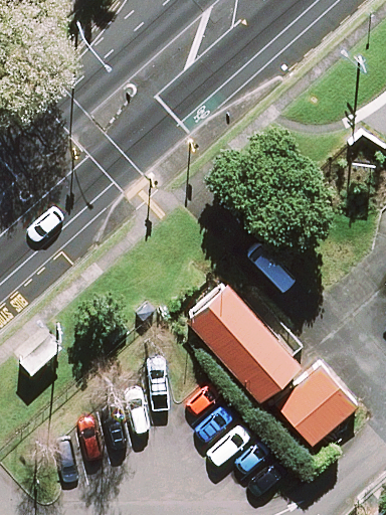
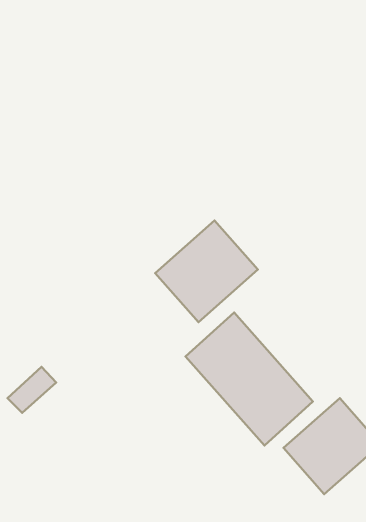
building: none -> [155,221,258,322]

